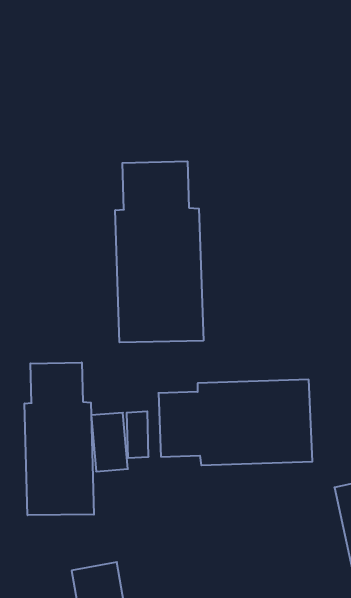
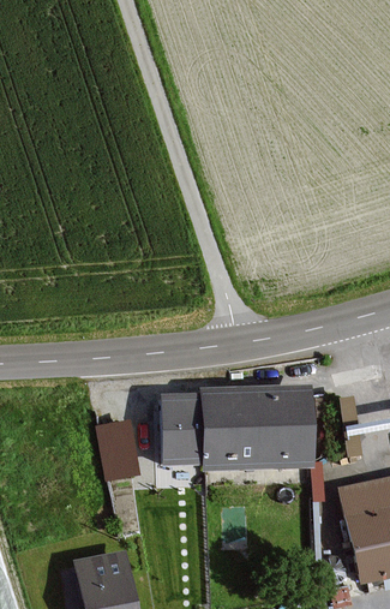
building: [115,161,203,342] -> none
building: [25,362,94,515] -> none

